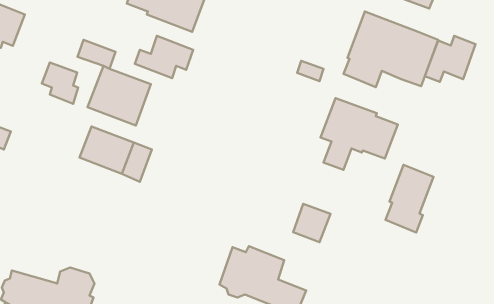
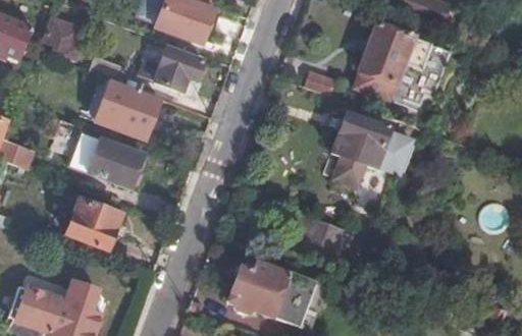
building: [425,36,475,82] -> none
building: [42,62,78,104] -> [45,18,82,60]
building: [386,165,434,232] -> none
building: none -> [67,200,120,248]

